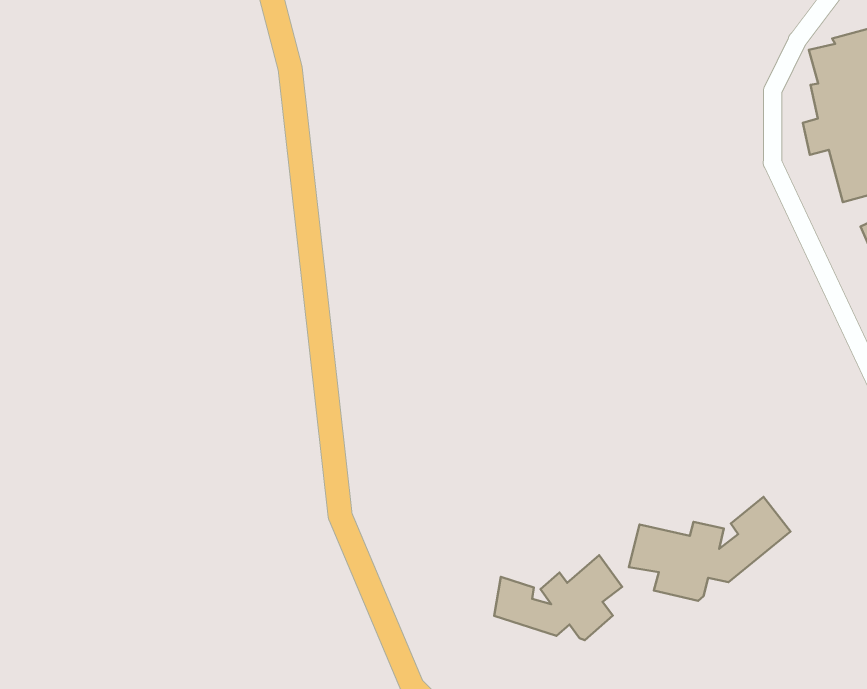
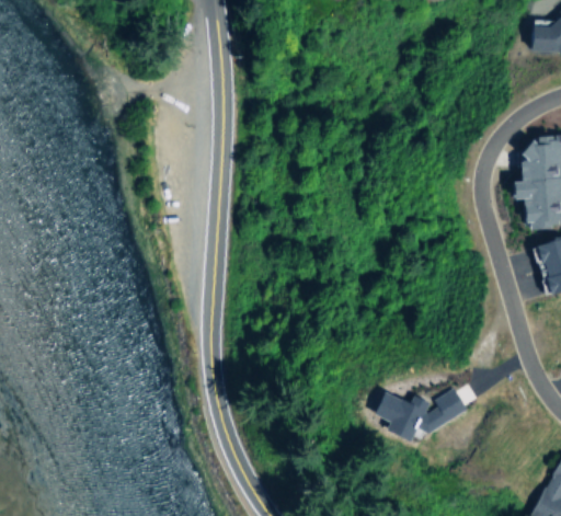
building: [494,555,622,640] -> none

